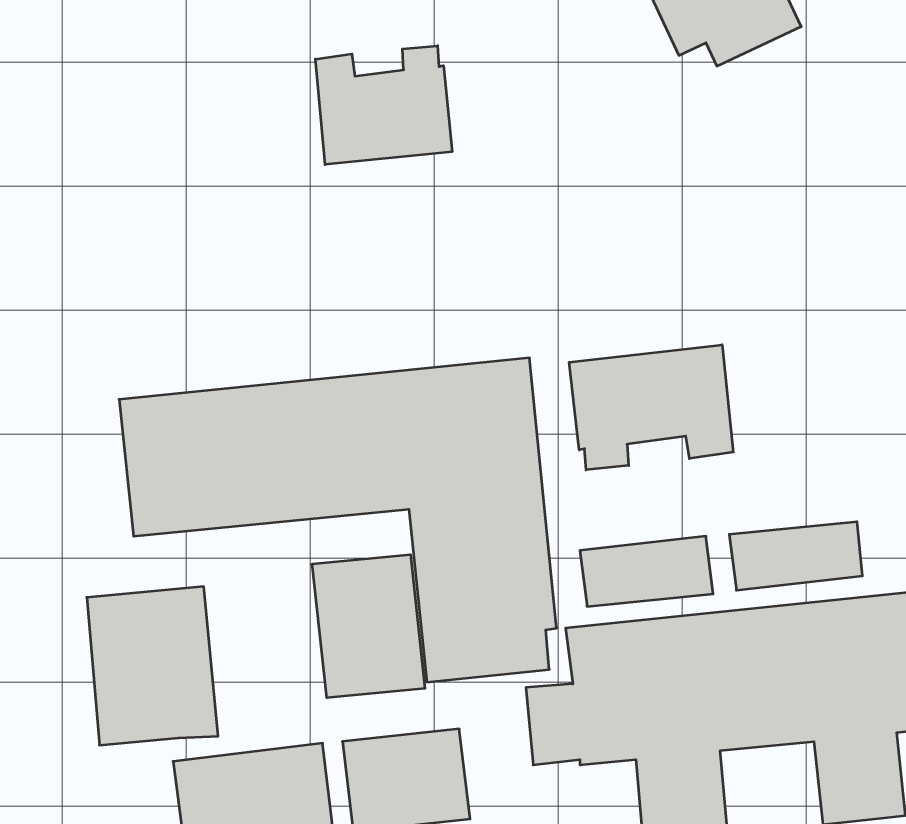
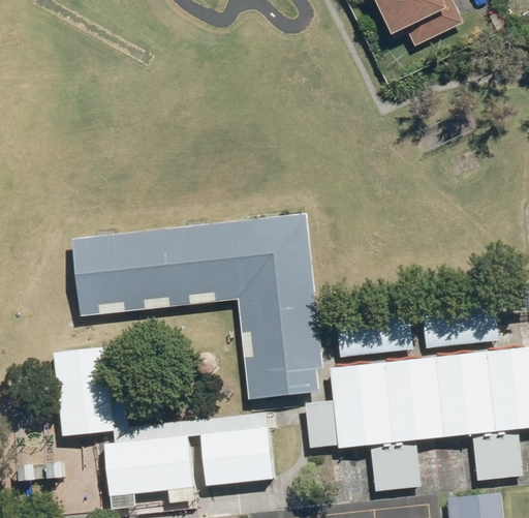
building: [315,46,452,165] -> none
building: [569,345,733,470] -> none
building: [312,555,425,698] -> none

